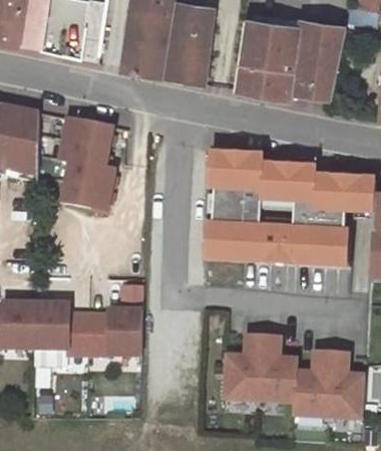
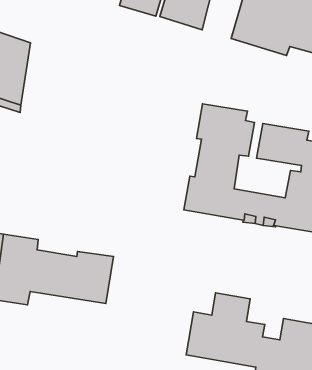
building: [60,120,114,214] -> none
building: [253,165,315,234] -> none

